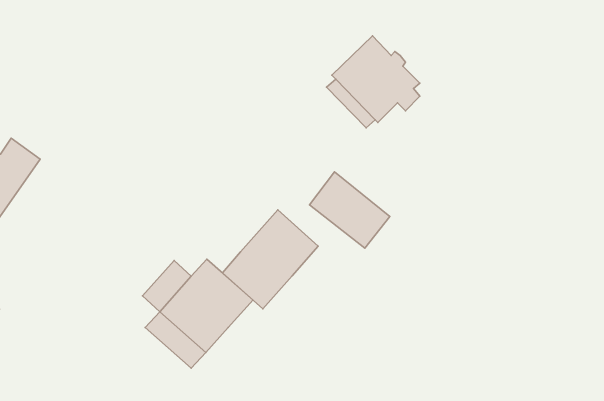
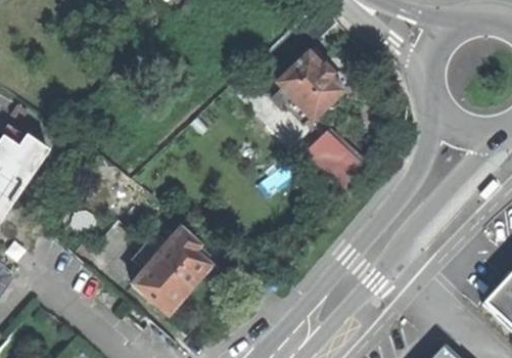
building: [310,172,390,248] -> [307,134,369,193]
building: [223,210,318,309] -> none

